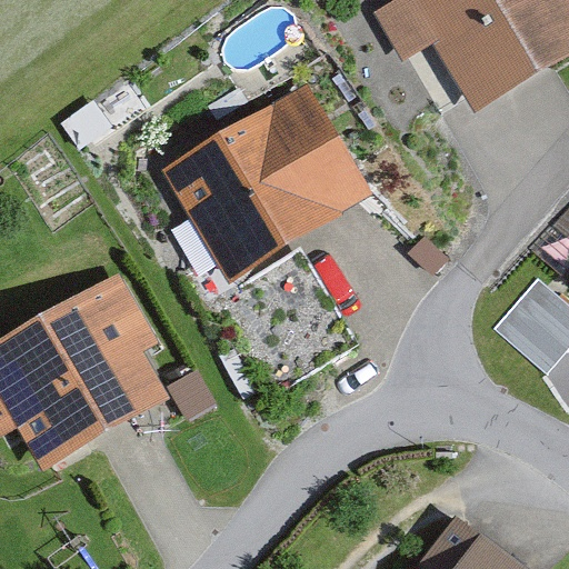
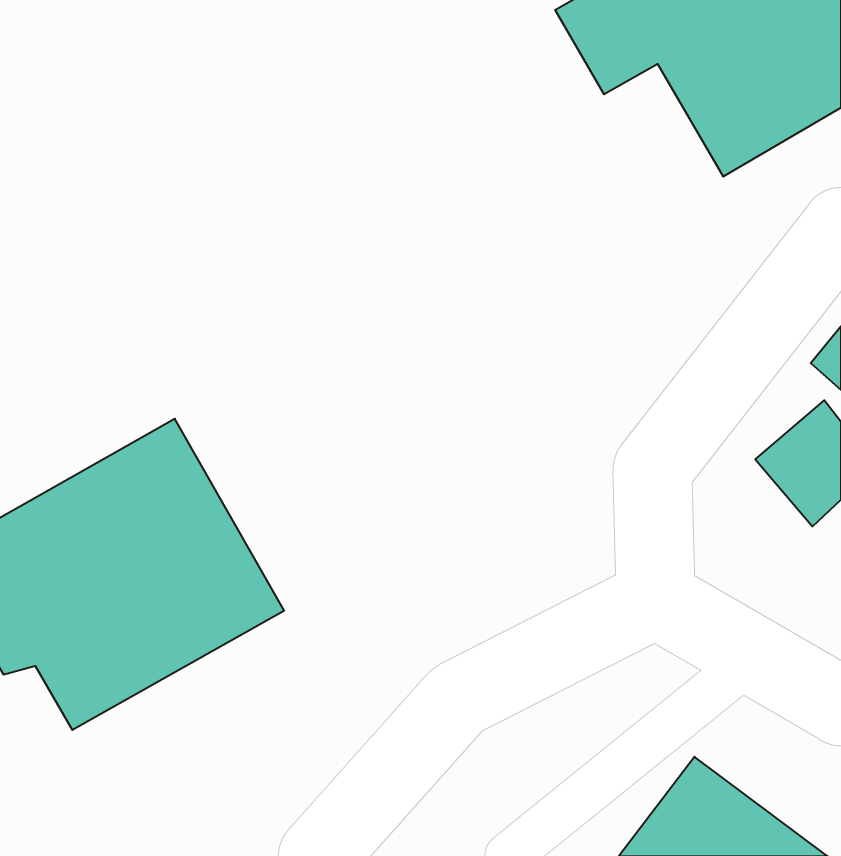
building: [161,80,373,280] -> none

